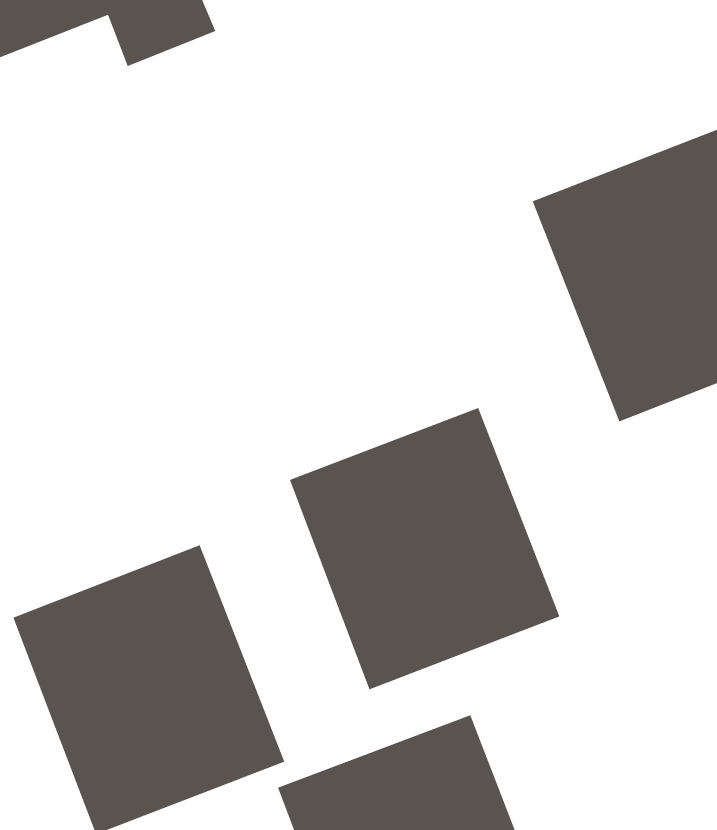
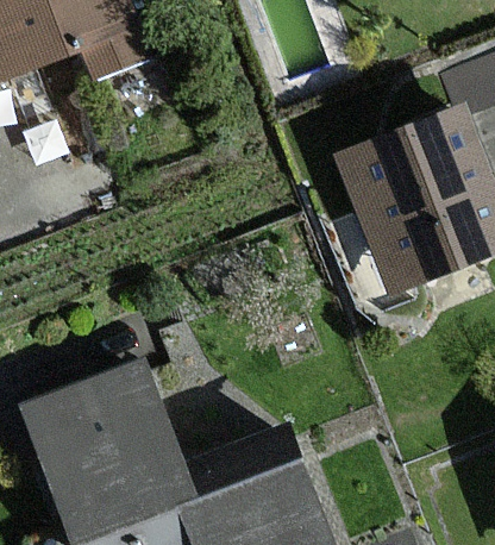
building: [289,407,560,690] -> none

